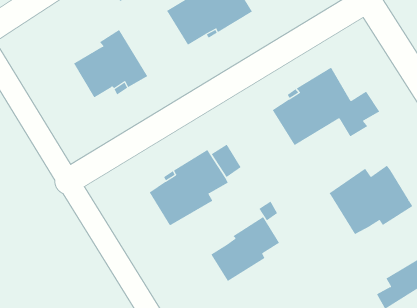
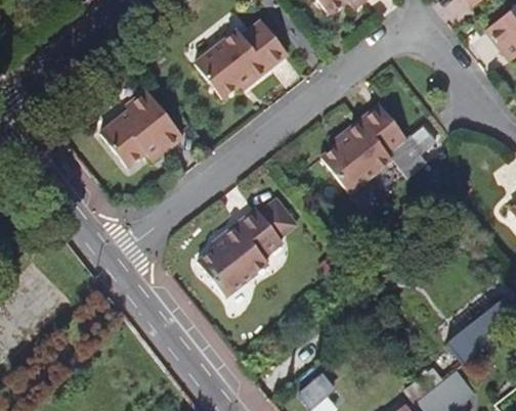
building: [329,165,413,235] -> none
building: [211,216,280,282] -> none

